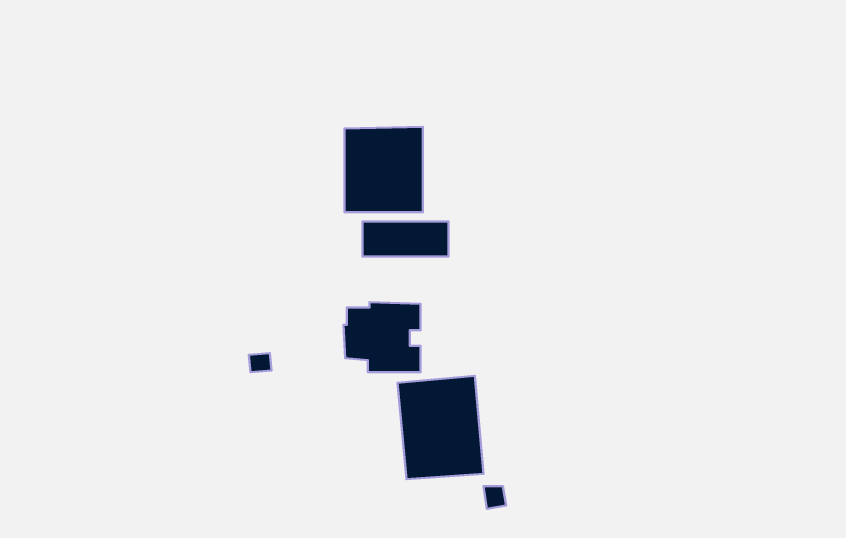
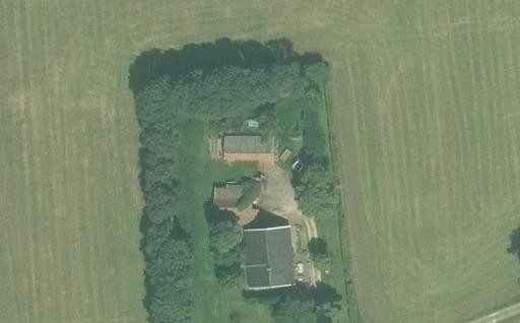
building: [344,127,423,212] -> none

